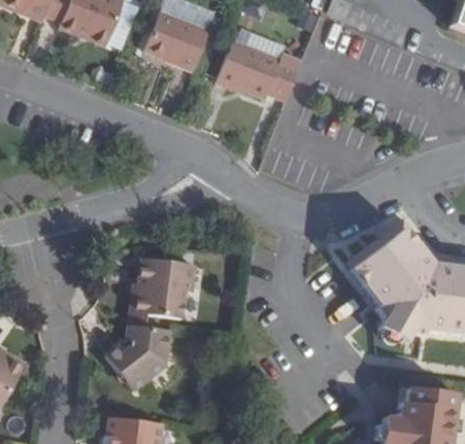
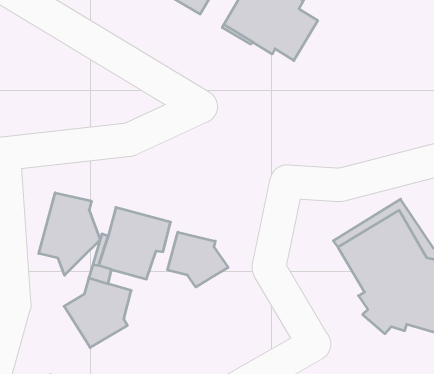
building: none -> [39,193,100,275]
building: none -> [168,232,228,287]

